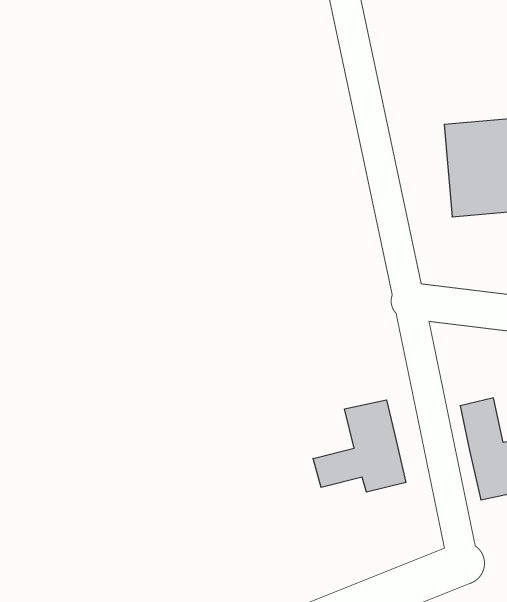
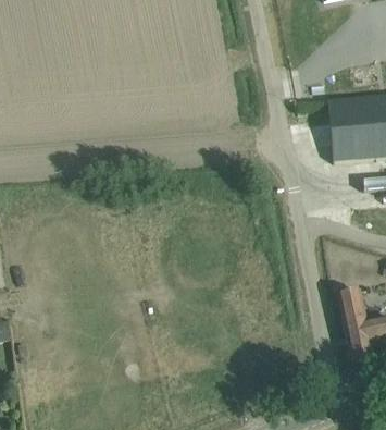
building: [313,400,406,492] -> none

